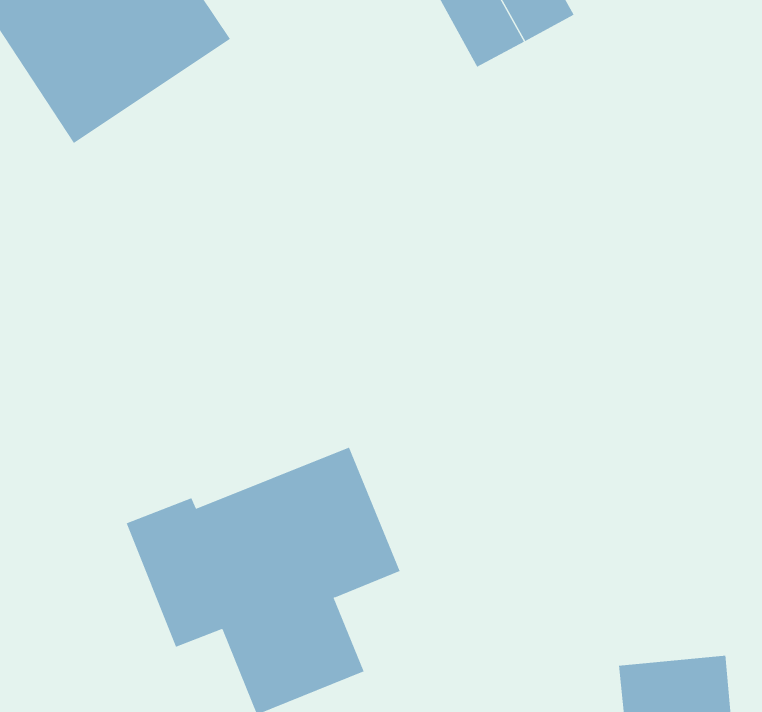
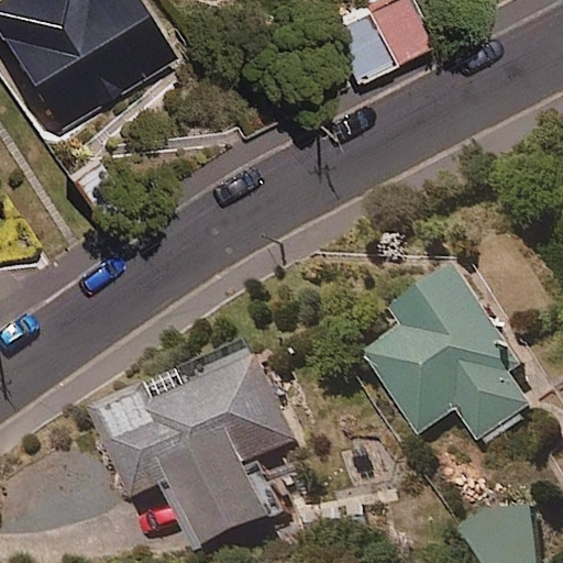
building: none -> [362,262,532,441]

